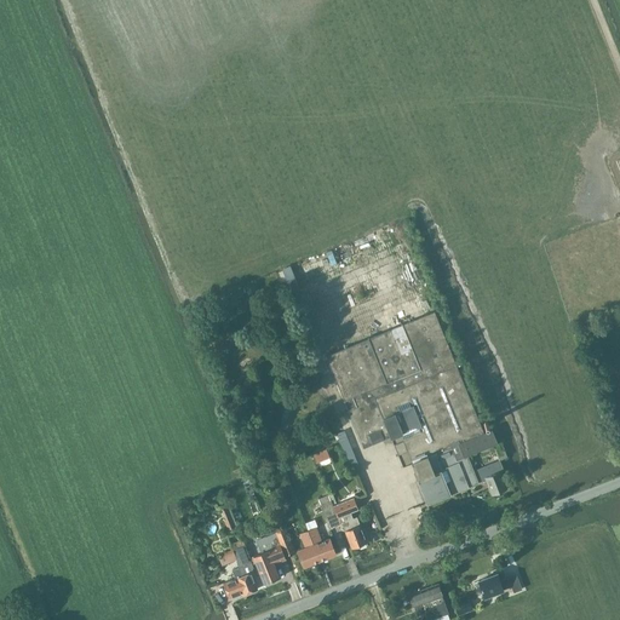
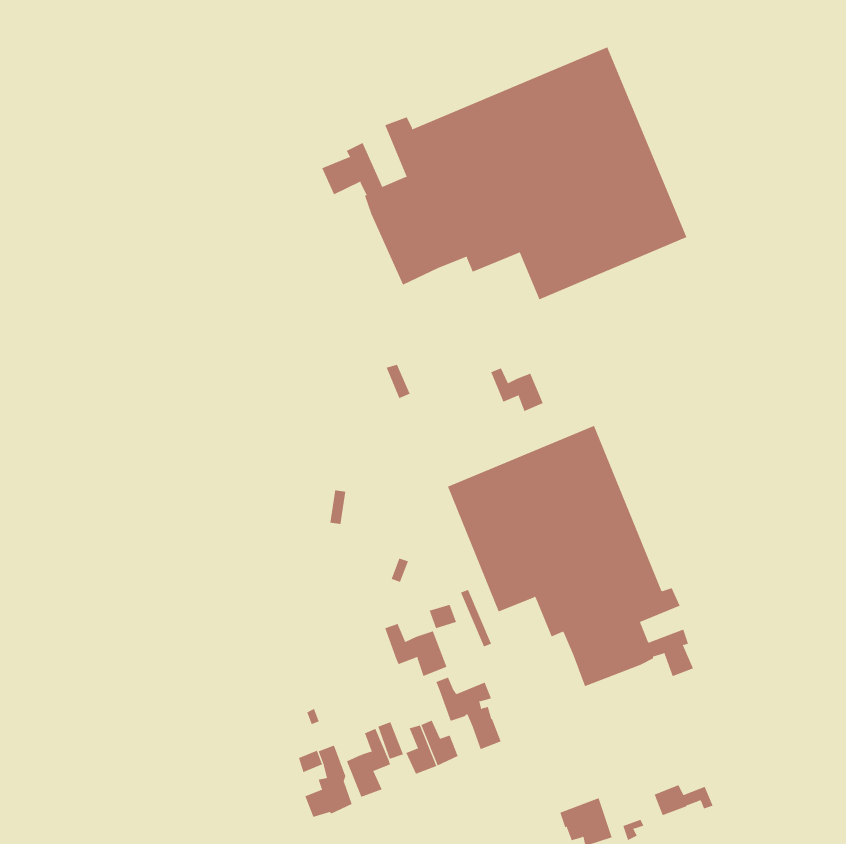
building: none -> [322,46,687,300]
building: none -> [491,368,543,412]
building: none -> [385,623,447,677]

